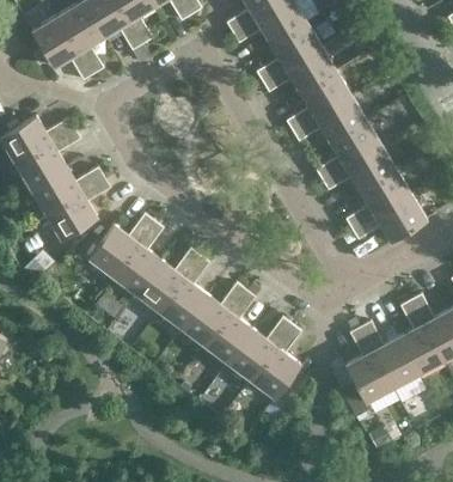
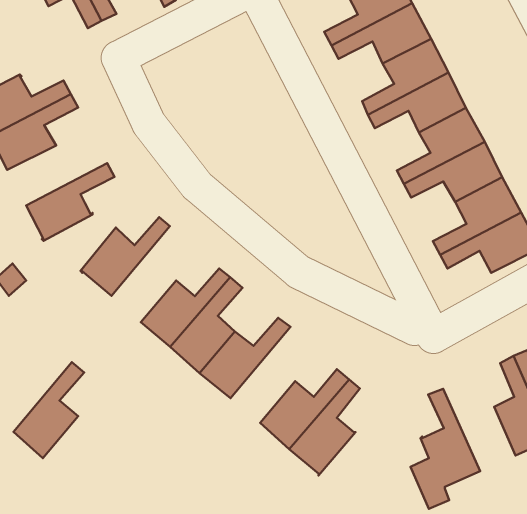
building: [31,167,104,213] -> none
building: [114,221,163,293] -> [13,362,84,458]
building: [206,289,255,361] -> none
building: [361,322,417,386] -> none

